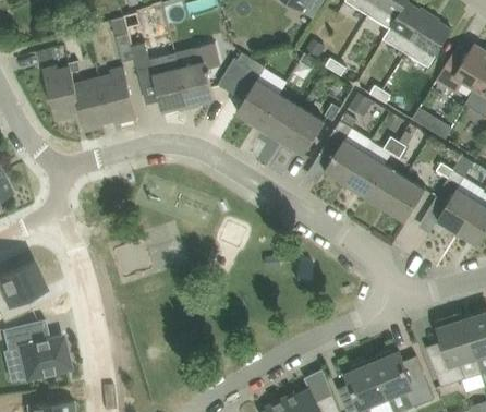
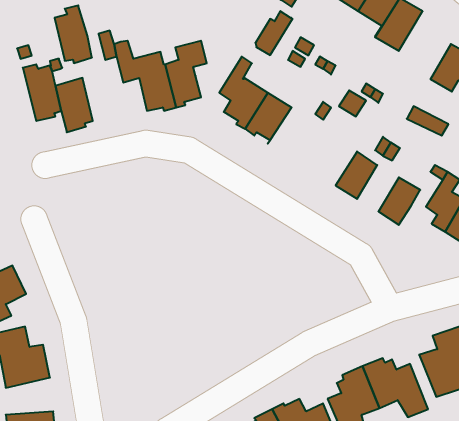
building: [399,15,451,69] -> none
building: [218,51,254,94] -> [255,11,293,55]
building: [100,68,136,123] -> [55,5,92,63]
building: [279,108,324,154] -> none
building: [319,120,365,183] -> none
building: [365,163,405,208] -> none

